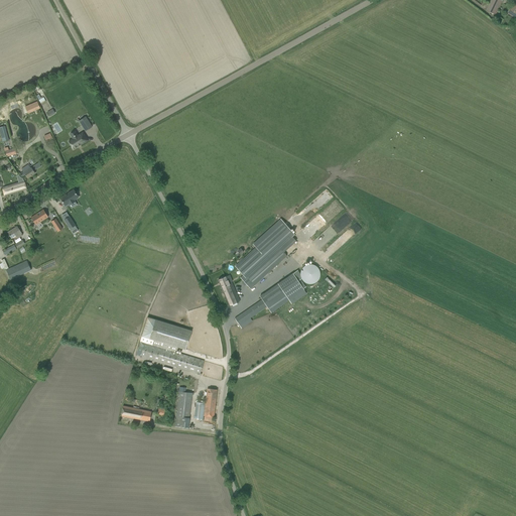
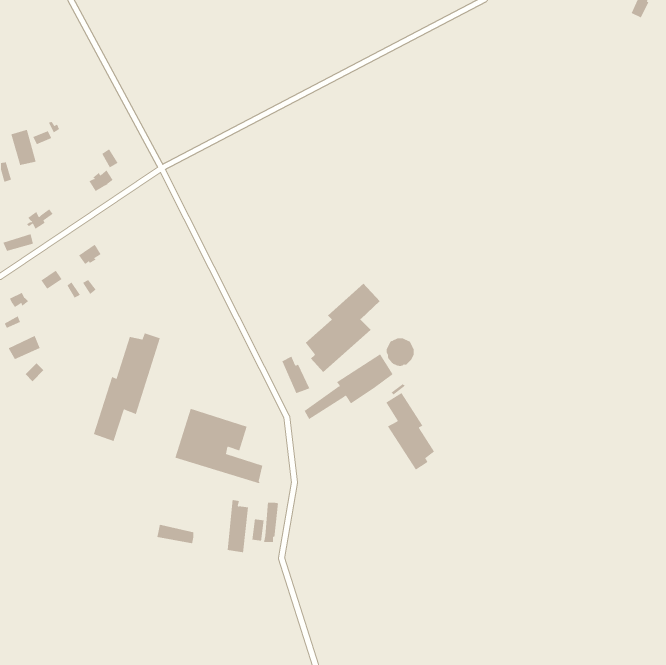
building: none -> [93,332,161,442]
building: none -> [386,392,435,470]

